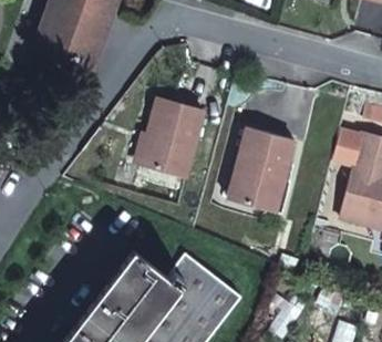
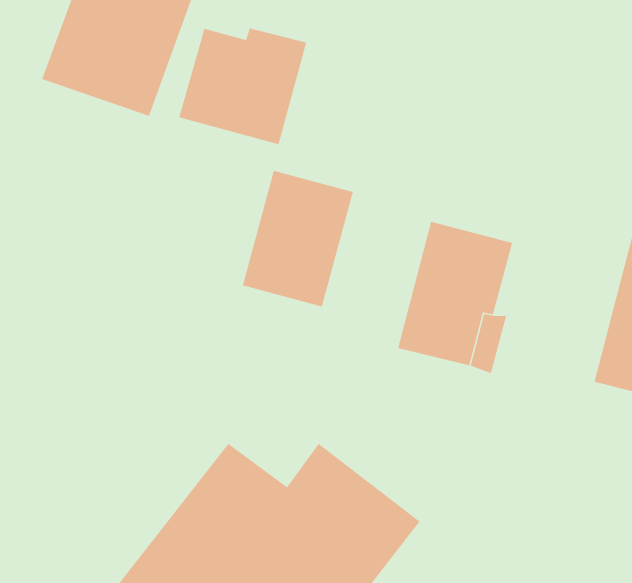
building: none -> [178,27,307,145]

